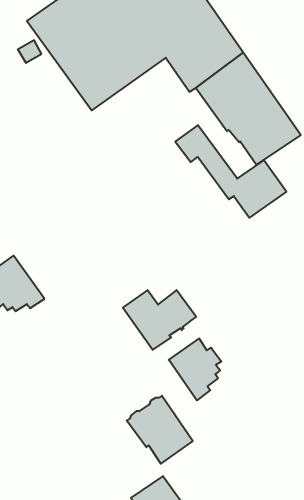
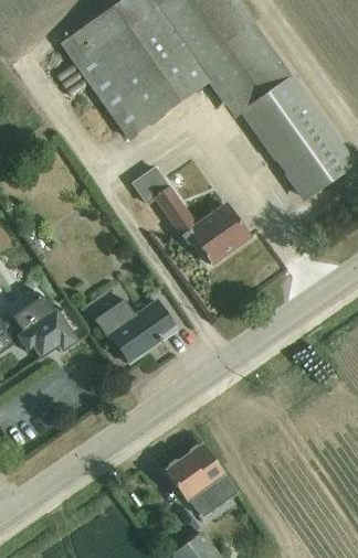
building: [175,125,286,218] -> [130,164,250,264]
building: [123,290,196,350] -> [97,298,176,362]
building: [169,338,221,400] -> none

